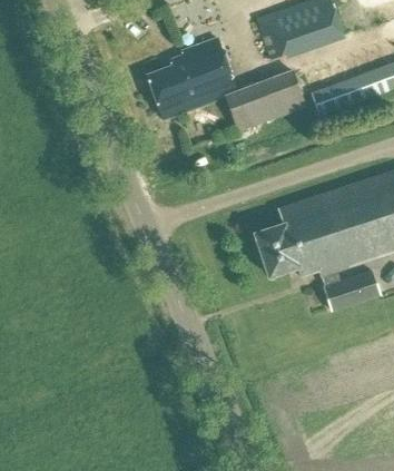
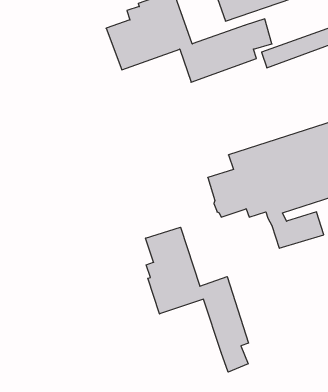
building: none -> [146,227,249,372]

